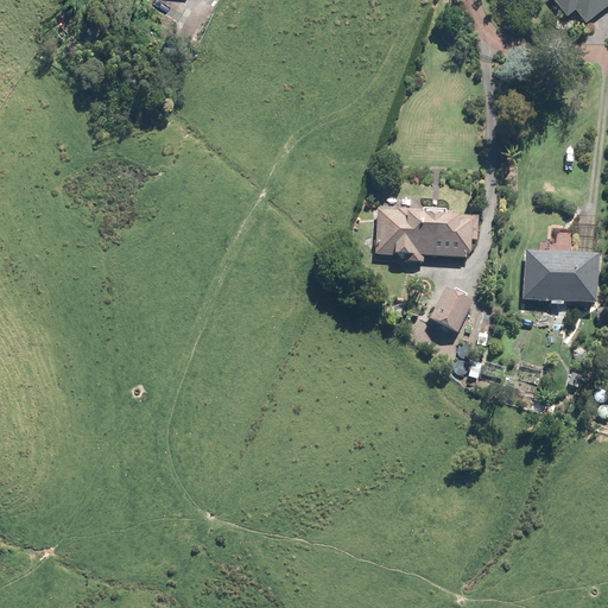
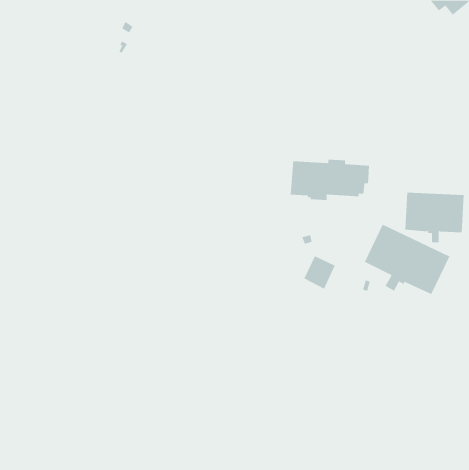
building: [430,286,471,330] -> [303,255,336,289]
building: none -> [364,224,450,295]

